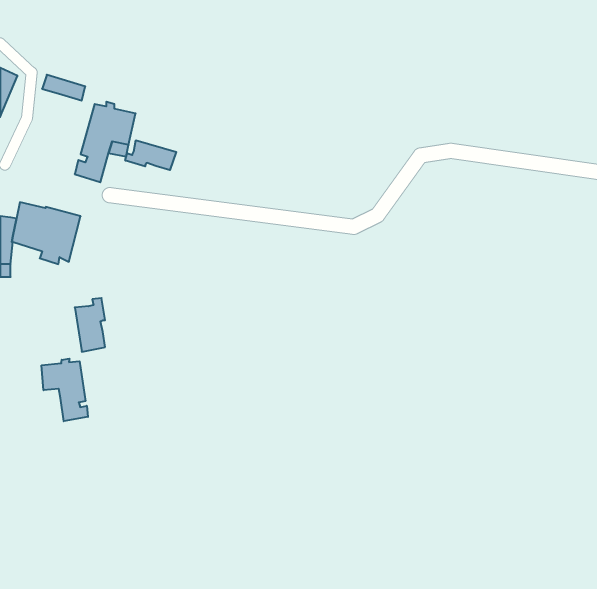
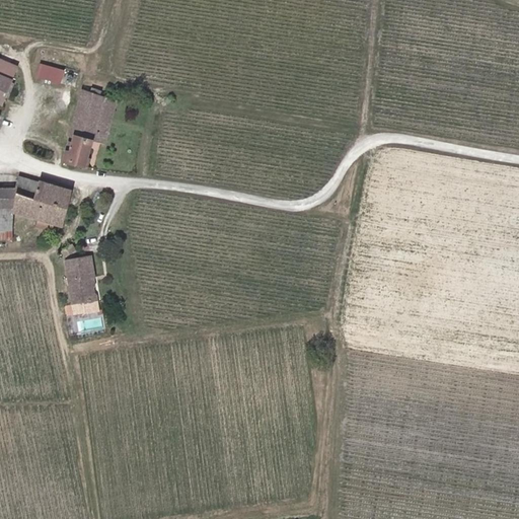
building: [125,140,176,170] -> none
building: [42,359,88,421] -> none

